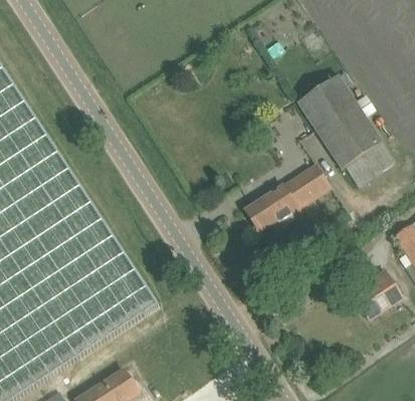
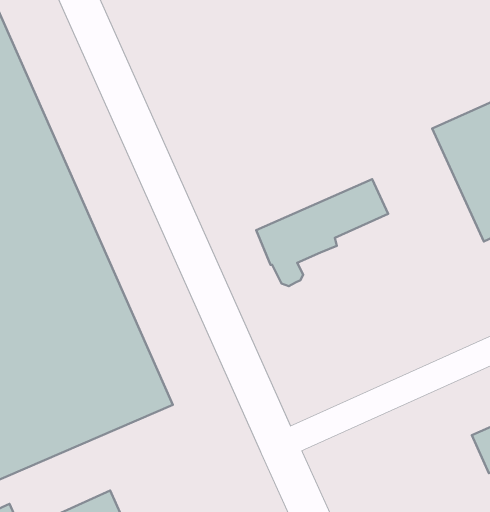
building: [246,164,331,242] -> [256,179,388,286]

